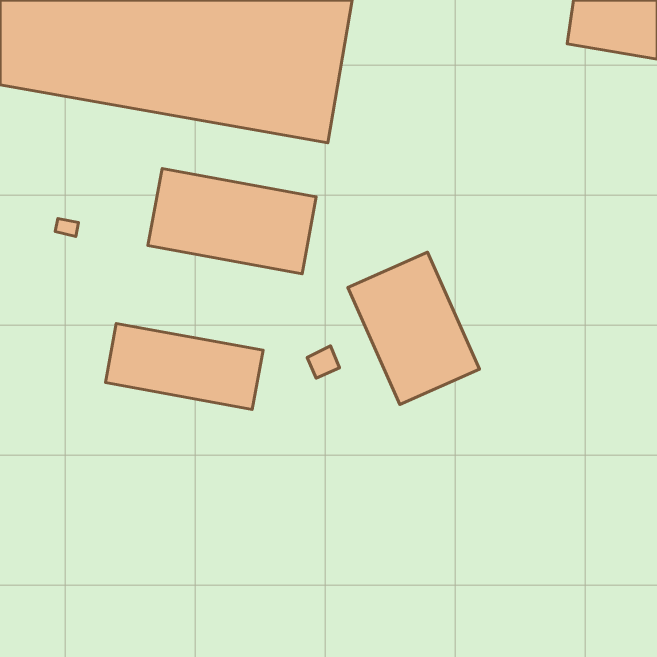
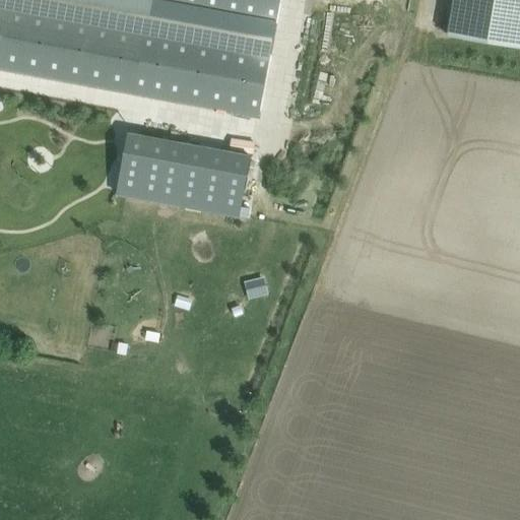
building: [348,252,480,405] -> none
building: [105,323,263,409] -> none

